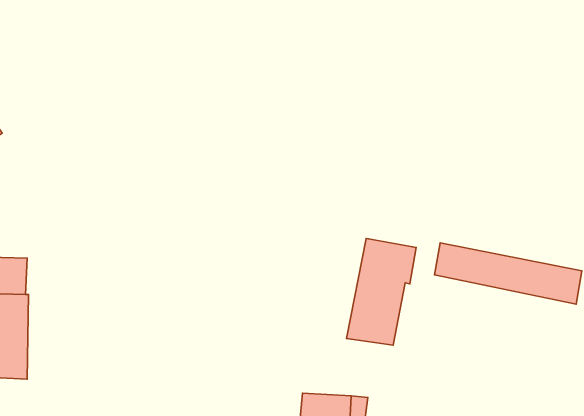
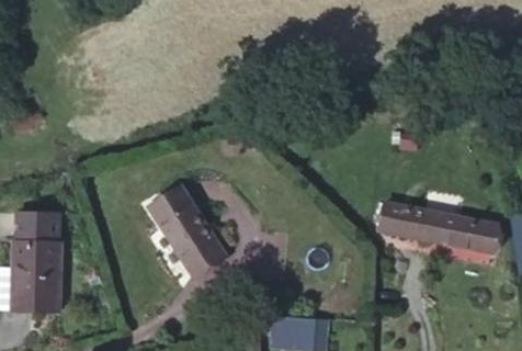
building: none -> [151,186,225,274]
building: [347,238,416,345] -> none

